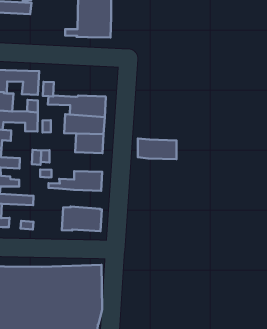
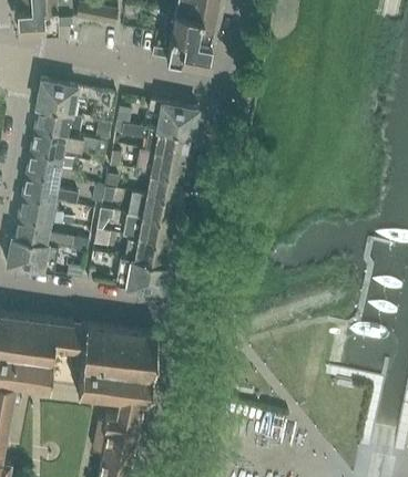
building: none -> [149,101,197,136]
building: [138,138,177,159] -> [129,193,177,224]
building: none -> [131,240,170,267]

